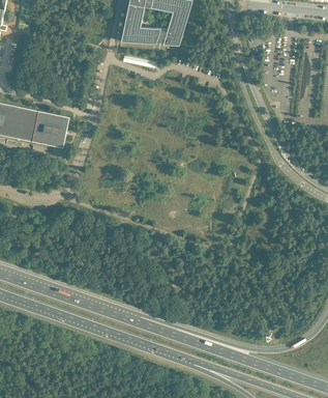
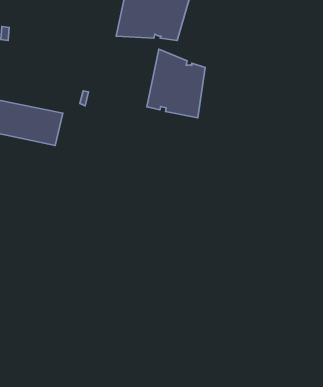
building: none -> [147,49,205,118]

